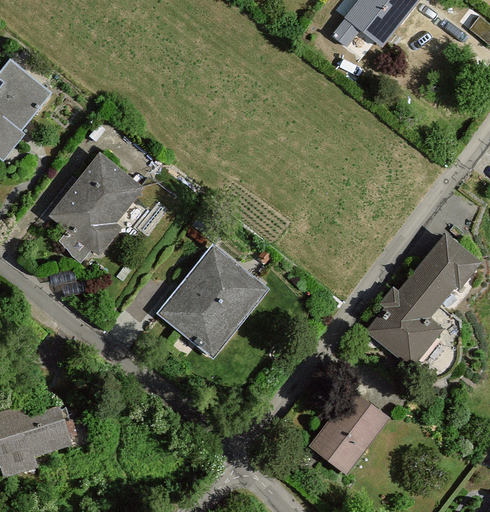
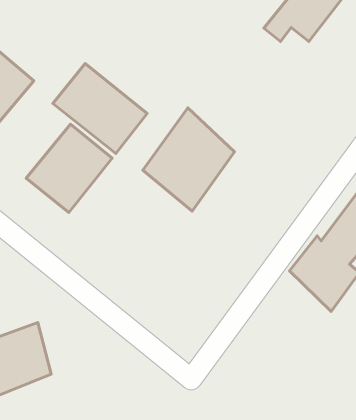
building: none -> [53,63,147,154]
building: [157,237,267,361] -> [143,108,235,211]
building: [307,389,386,478] -> none

